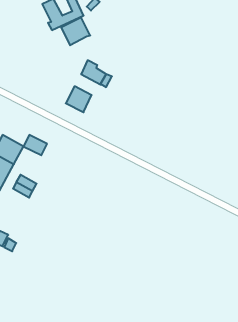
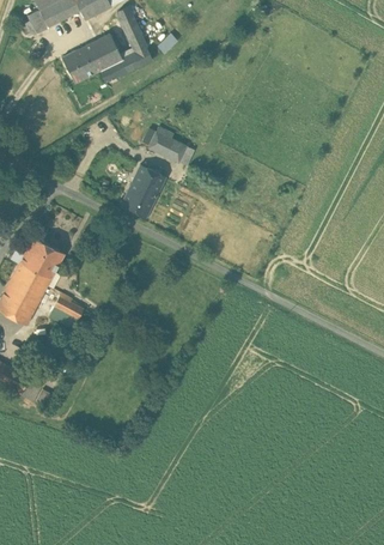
building: [61,18,90,45] -> [62,43,105,84]
building: [24,135,47,155] -> [118,189,153,219]

